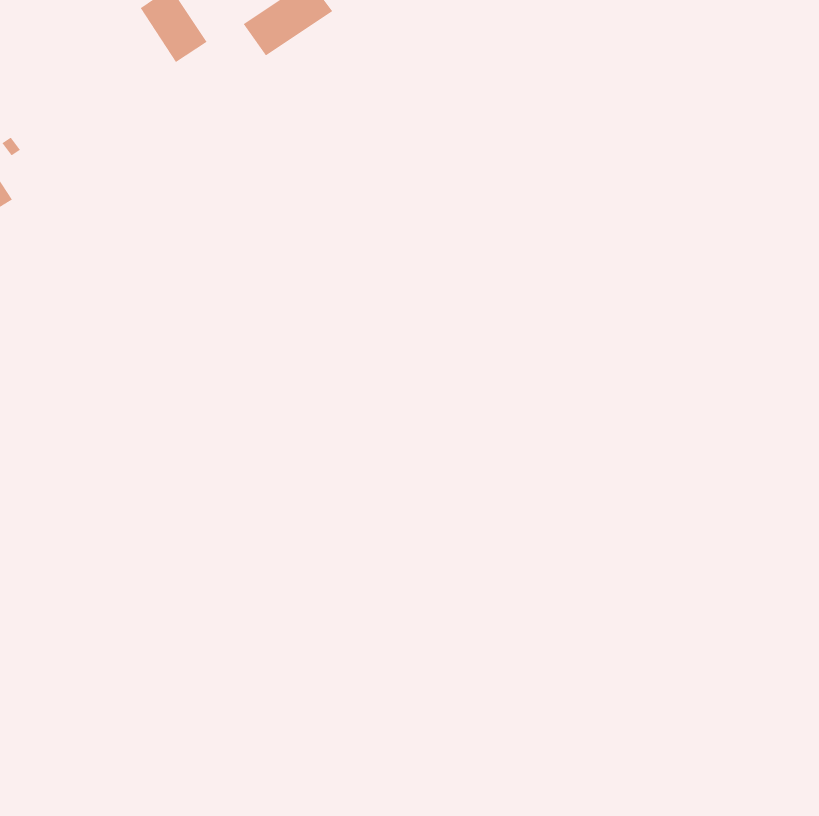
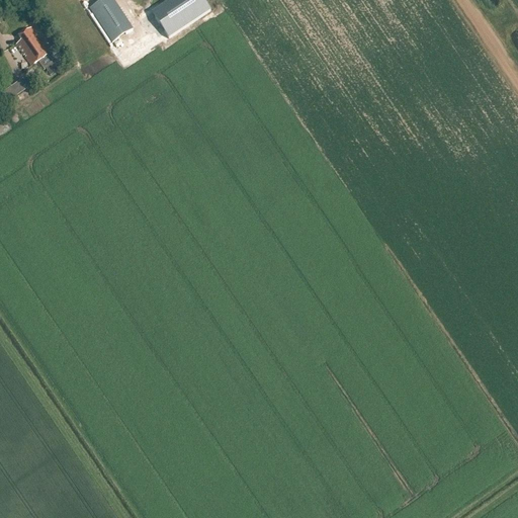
building: none -> [14,24,52,65]

